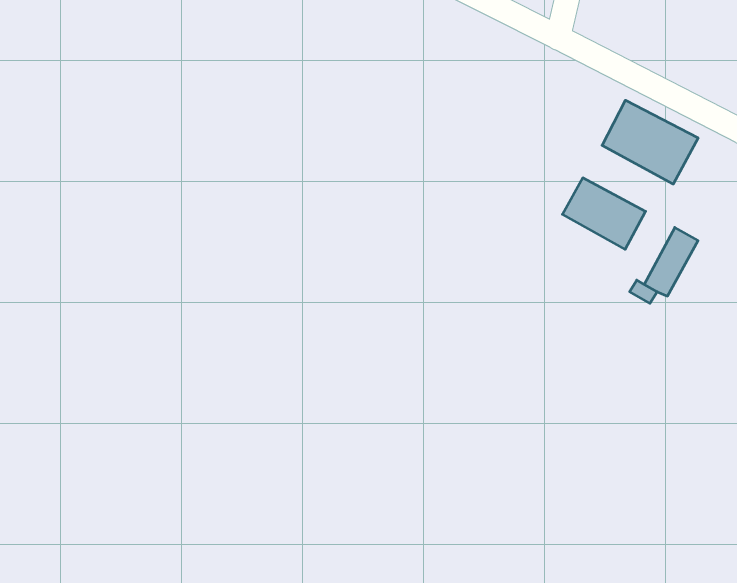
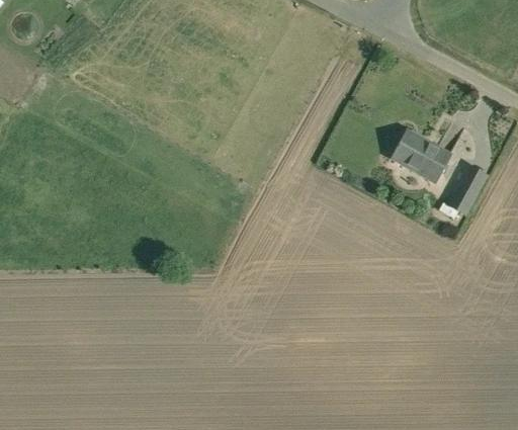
building: [602,100,698,184] -> none

